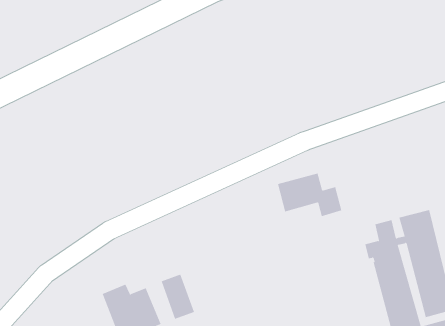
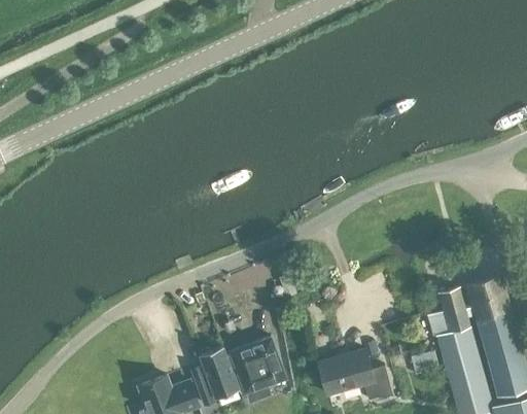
building: [277,173,342,217] -> [319,353,392,403]
building: none -> [224,338,281,393]

